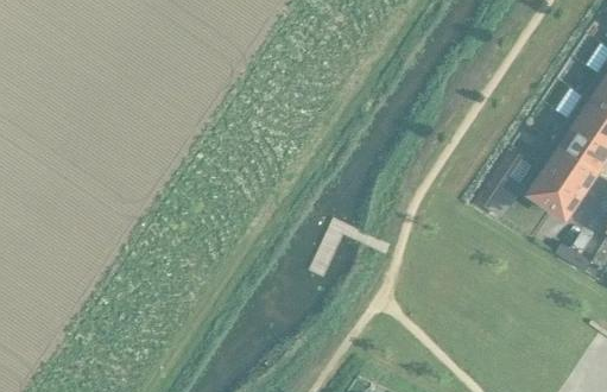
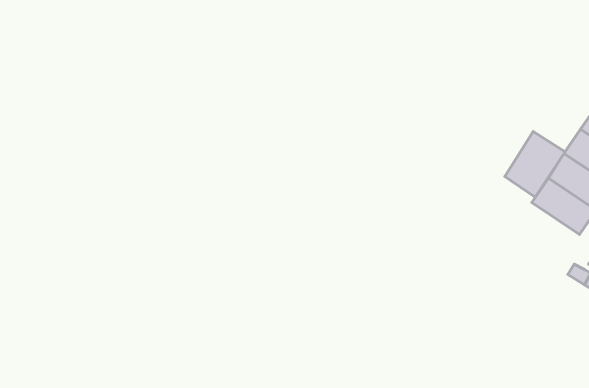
building: none -> [505,132,565,197]

